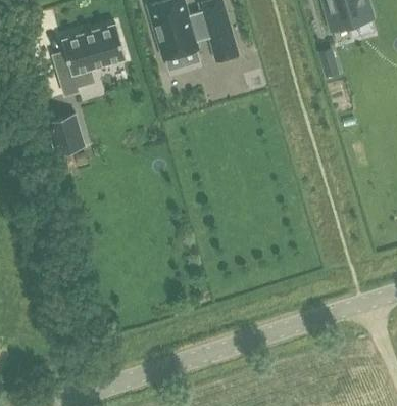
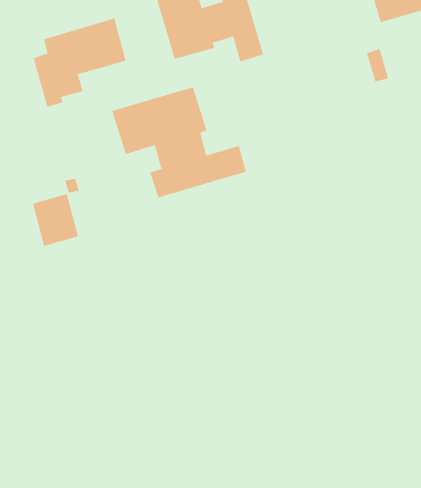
building: none -> [111,86,247,198]
building: [48,112,86,155] -> [32,194,79,247]

